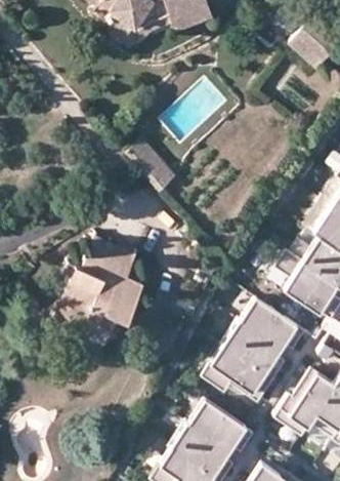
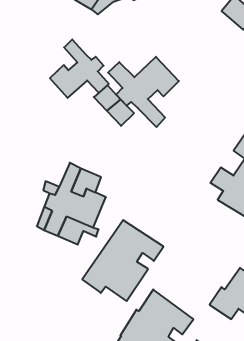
building: none -> [50,39,109,98]
building: none -> [108,57,179,127]
building: [204,299,307,403] -> [82,220,163,301]

